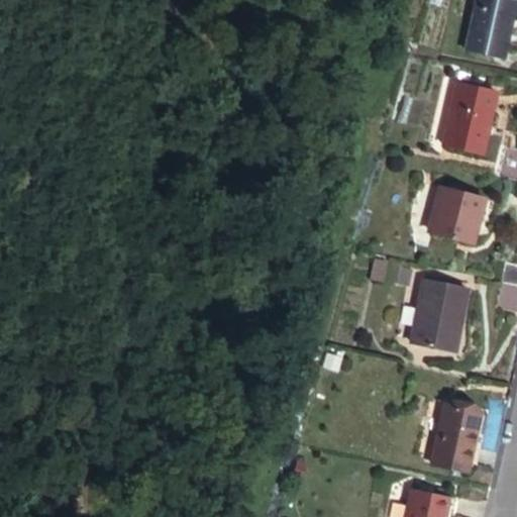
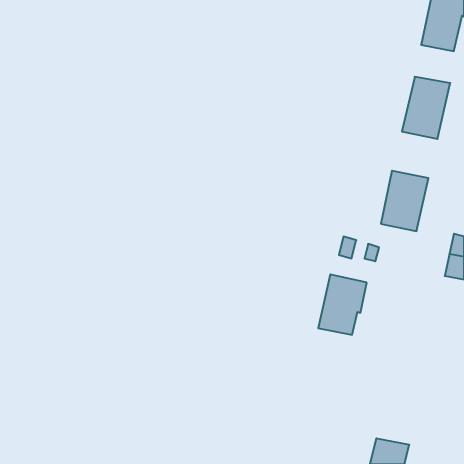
building: [412,280,466,346] -> [318,274,367,335]
building: [438,399,485,462] -> none

